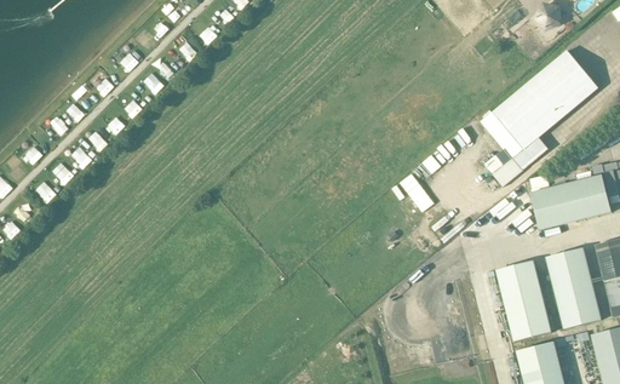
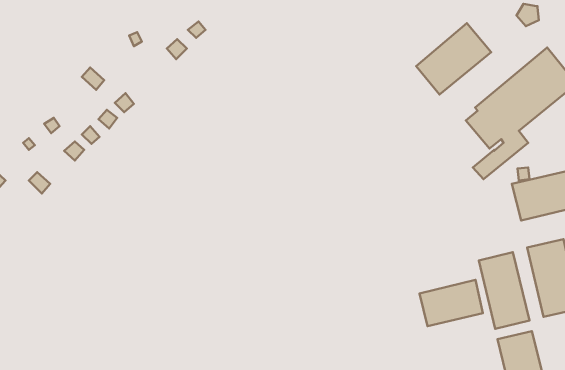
building: none -> [416,23,491,94]
building: none -> [419,280,483,326]

